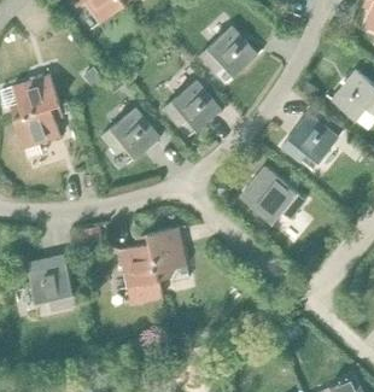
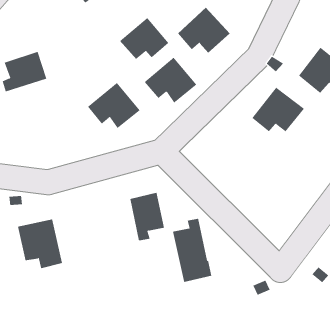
building: none -> [119,17,169,60]
building: [12,105,62,148] -> none
building: [239,168,305,224] -> none
building: [118,235,162,305] -> [172,218,212,283]

